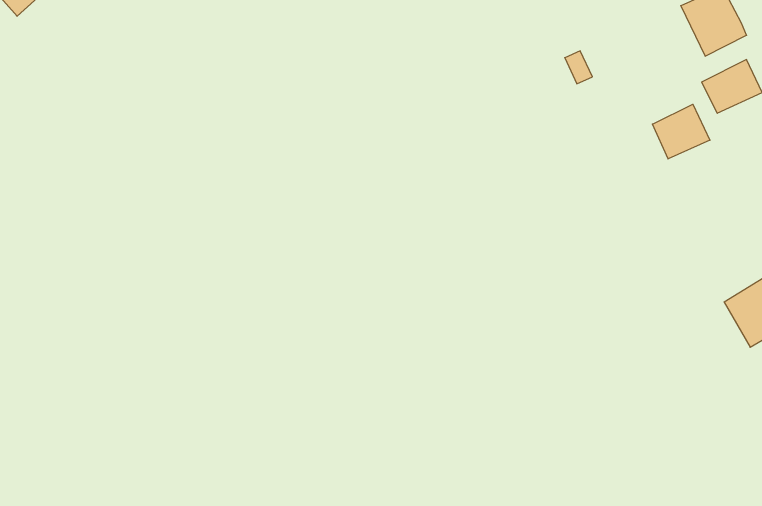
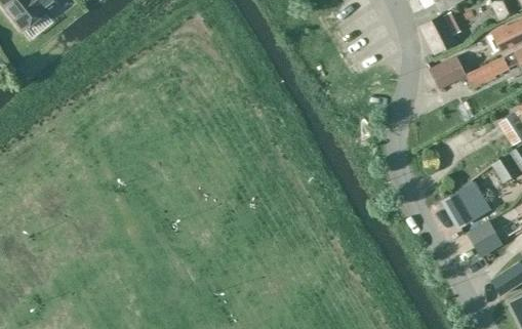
building: [652,104,710,159] -> none

